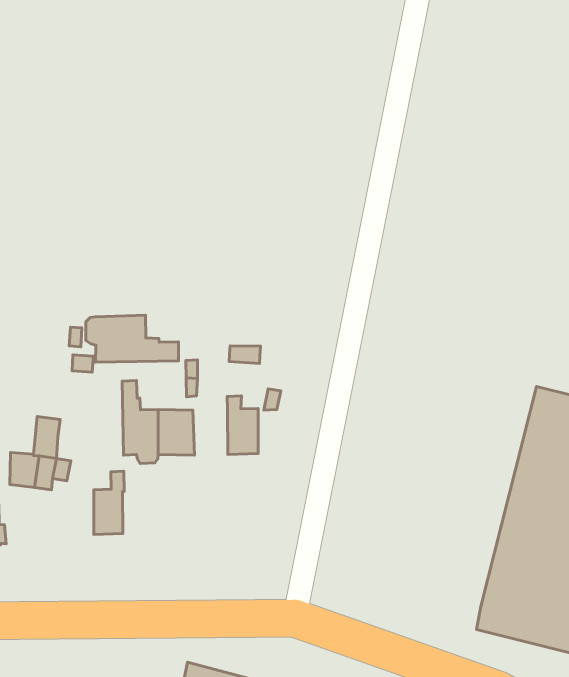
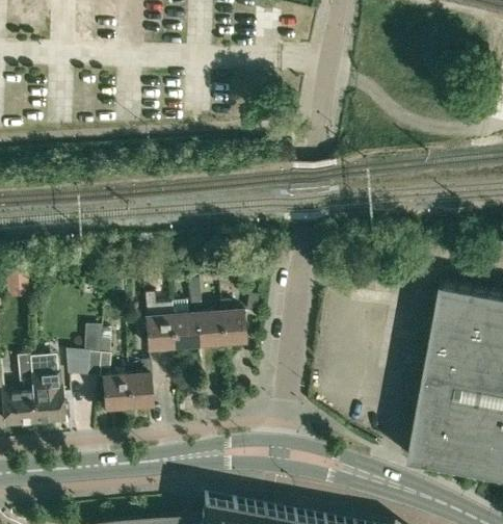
building: [86,315,179,362] -> none
building: none -> [196,312,223,346]
building: none -> [103,375,131,410]

